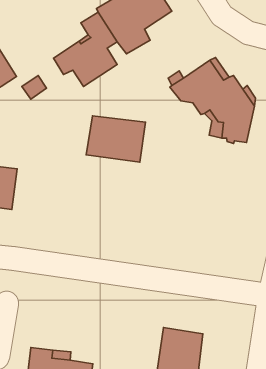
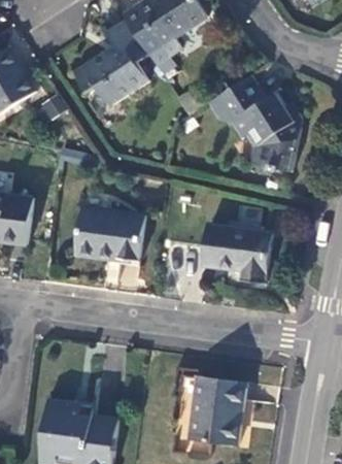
building: [86,116,145,162] -> [76,209,143,262]
building: none -> [203,224,271,284]

